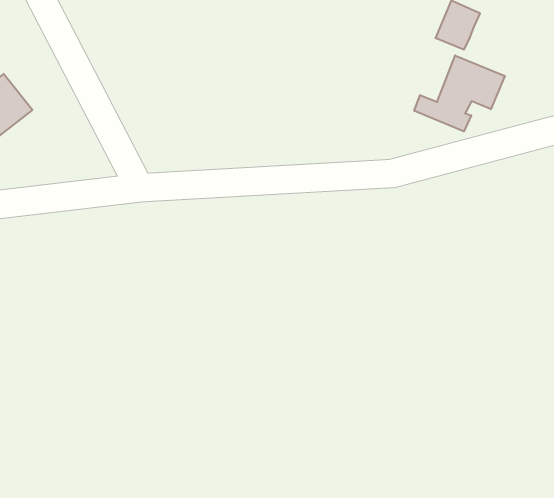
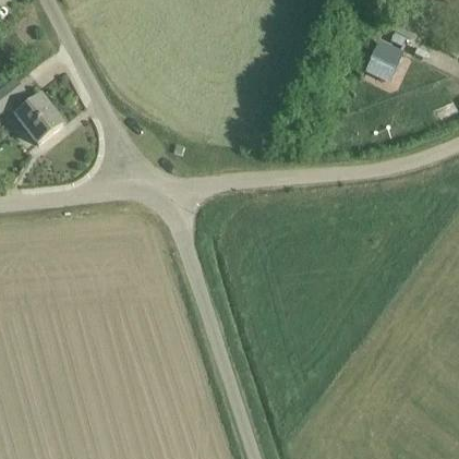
building: [414,55,505,131] -> none

